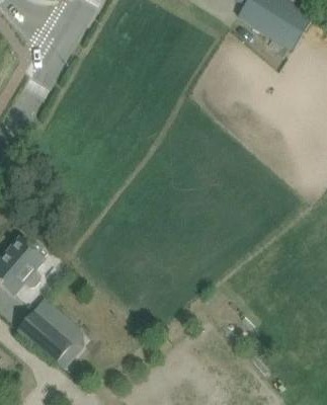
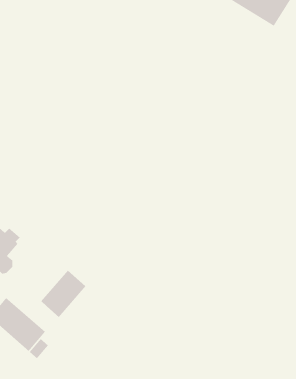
building: none -> [40,270,86,318]

